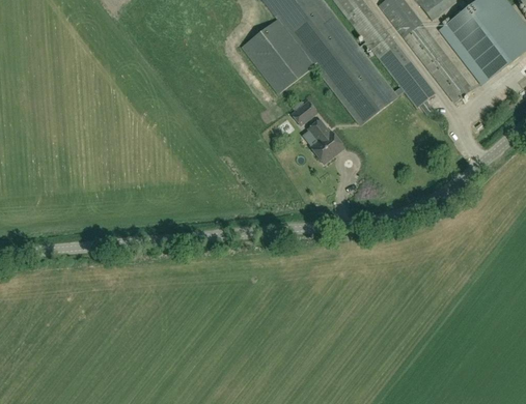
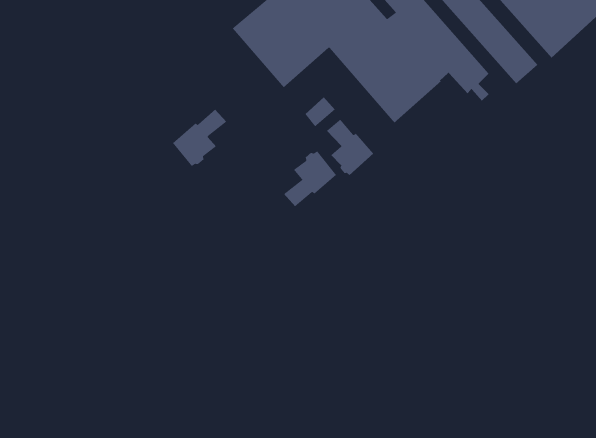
building: none -> [172,109,227,167]
building: none -> [283,150,337,207]

